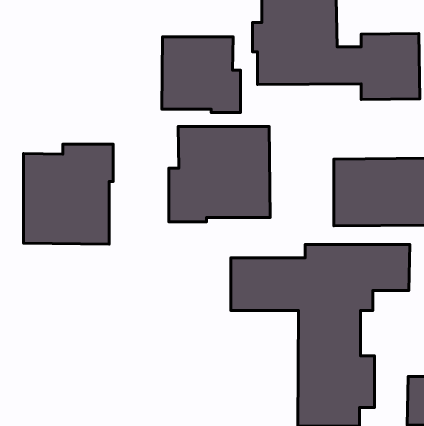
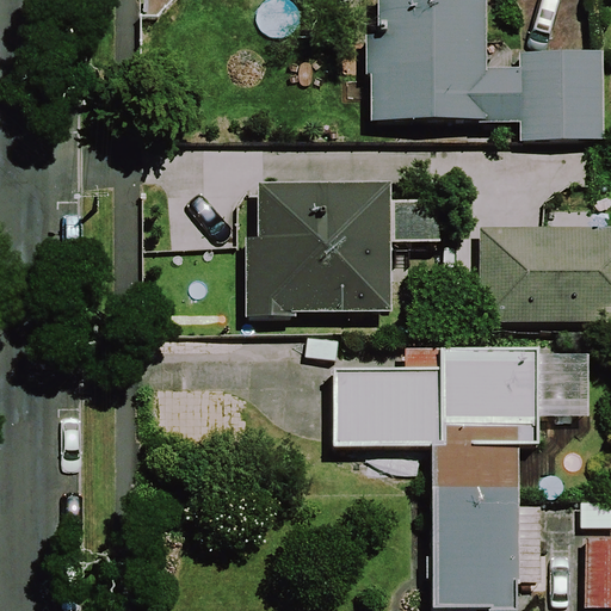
building: [162,37,240,113] -> none
building: [23,144,113,244] -> none

